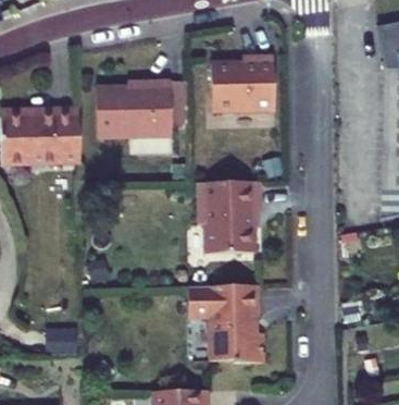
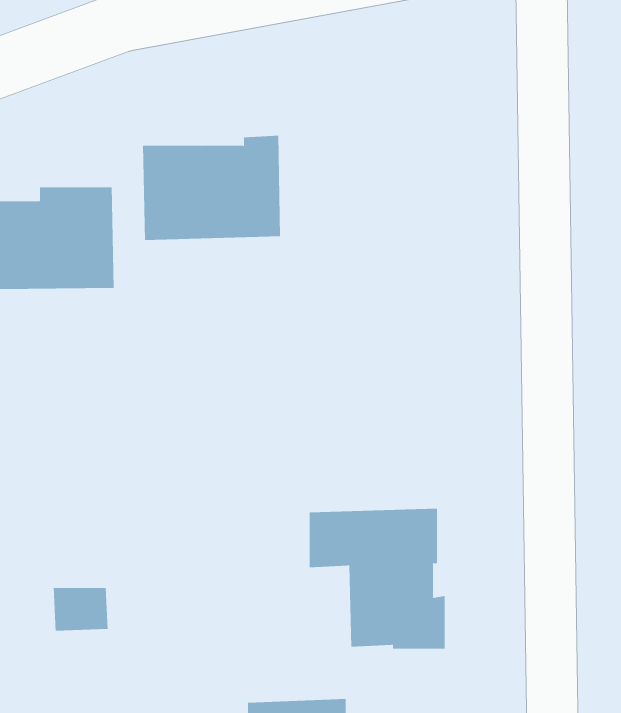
building: [212,54,276,111] -> none
building: [198,181,261,253] -> none

